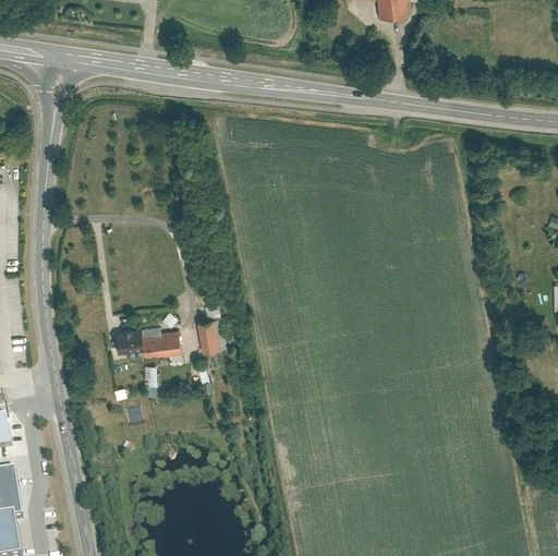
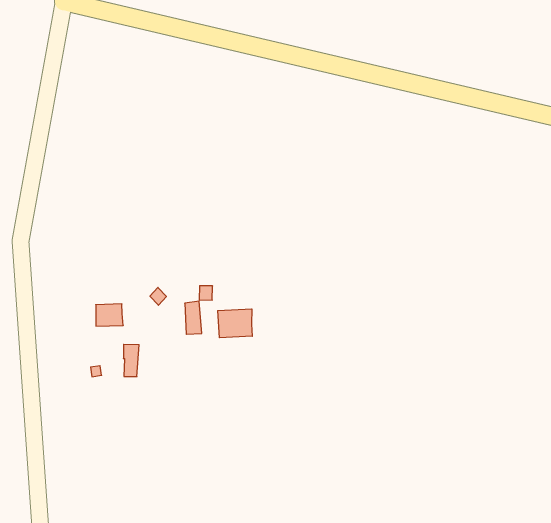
building: none -> [218,309,252,338]
building: [142,333,181,356] -> none

